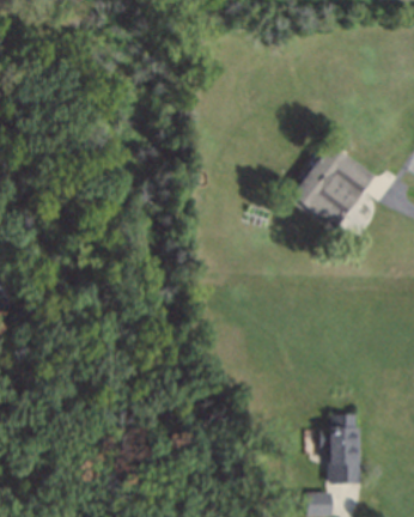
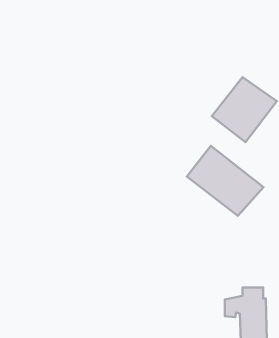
building: none -> [187,146,264,216]

